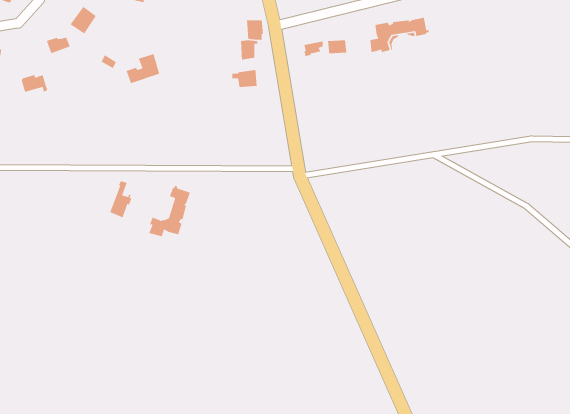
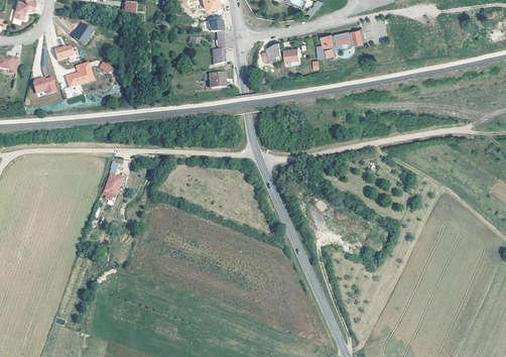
building: [125,53,160,84] -> [65,62,93,87]
building: [148,185,191,237] -> none

